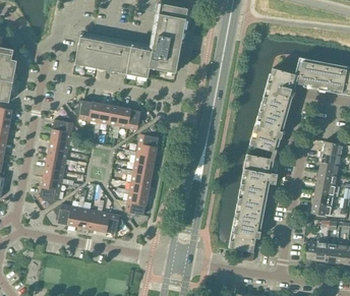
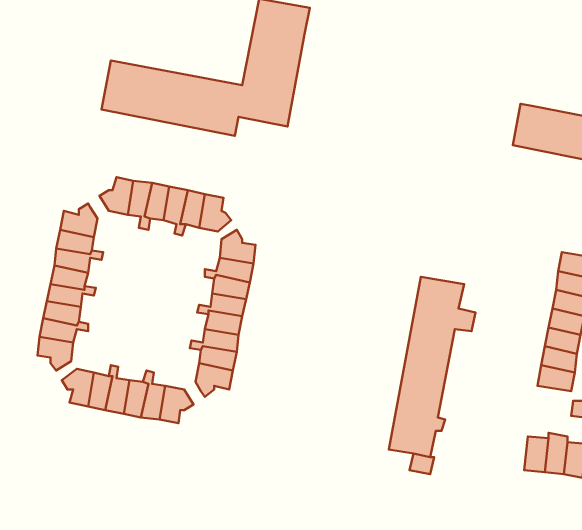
building: [250,68,295,152] -> none

